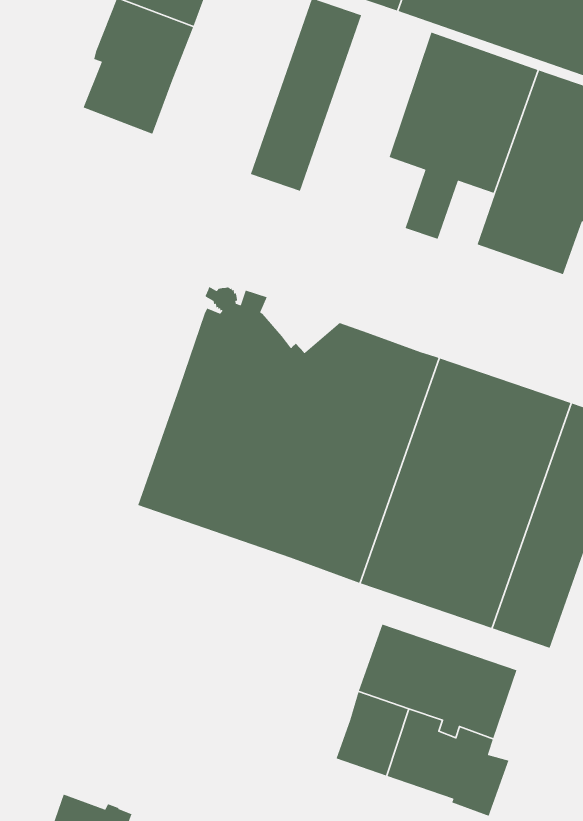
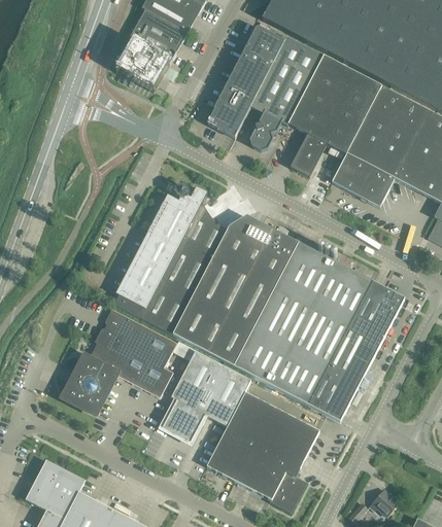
building: none -> [249,36,324,149]
building: none -> [63,308,177,414]
building: none -> [163,350,251,441]

